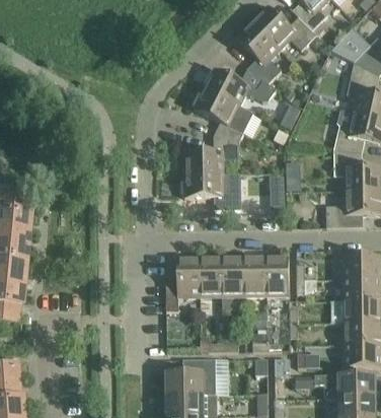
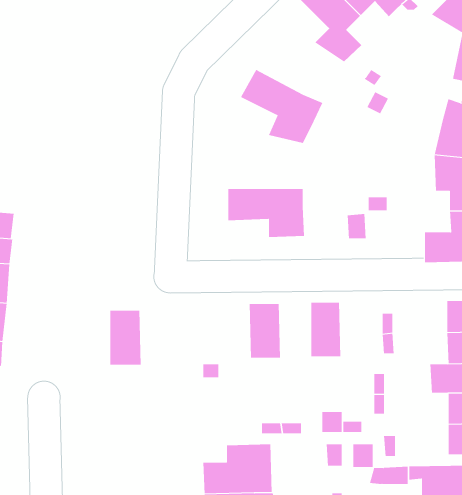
building: [205,67,277,106] -> none
building: [183,135,239,173] -> none
building: [222,256,244,312] -> none
building: [265,256,289,295] -> none
building: [177,257,201,296] -> [109,310,142,365]

